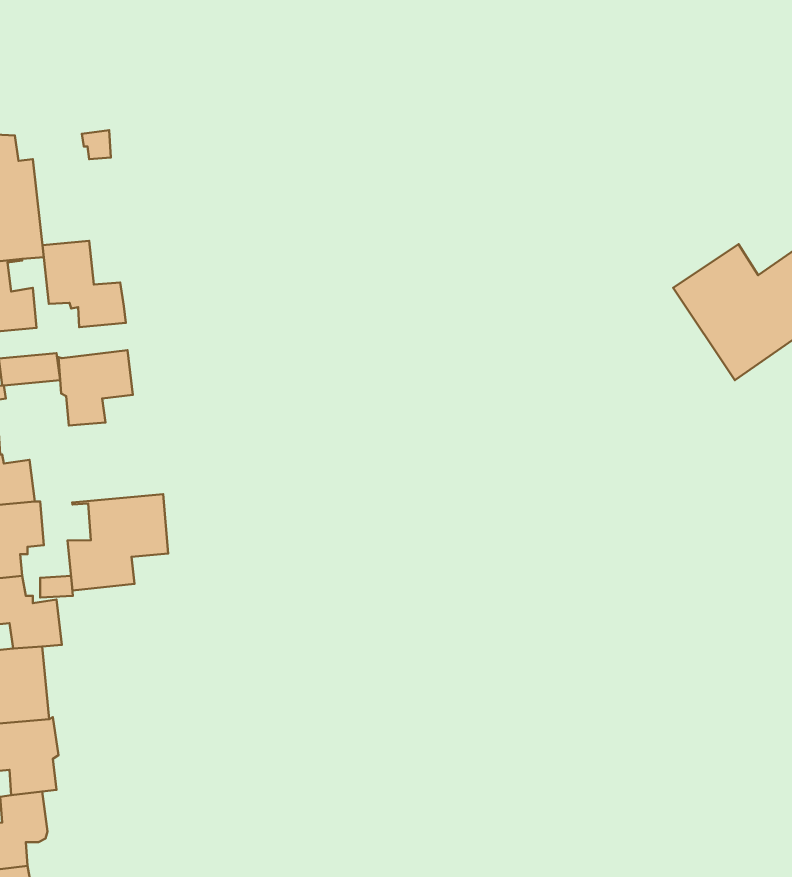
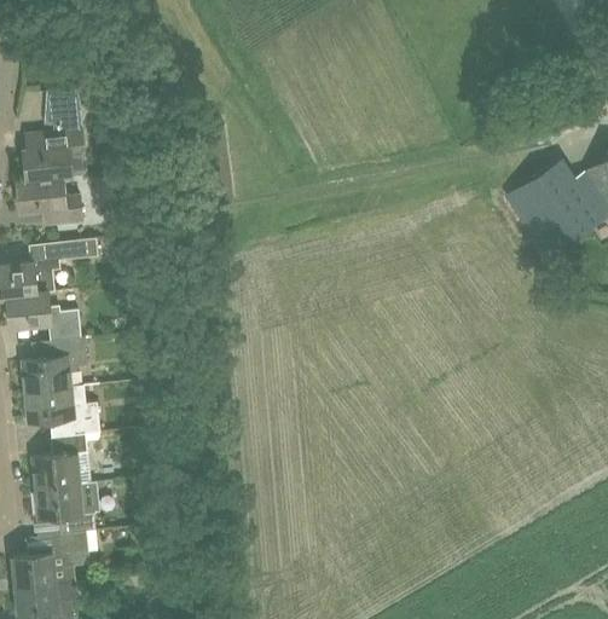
building: [43,241,126,327] -> none
building: [59,350,133,425] -> none
building: [67,494,168,590] -> none

